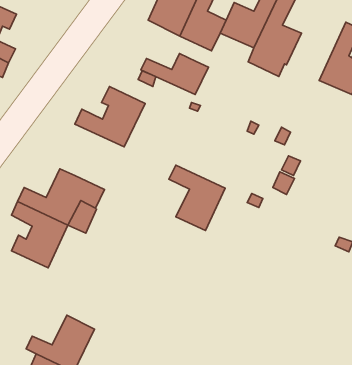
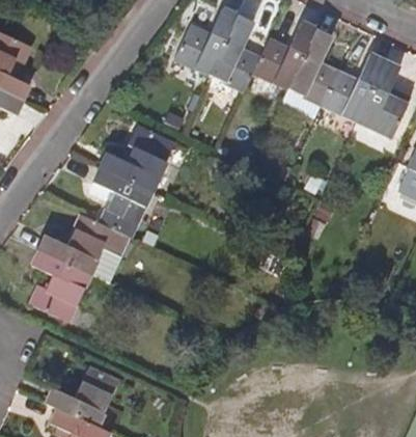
building: none -> [321,52,383,120]
building: [141,53,209,95] -> none
building: [169,165,225,231] -> [91,166,150,235]

